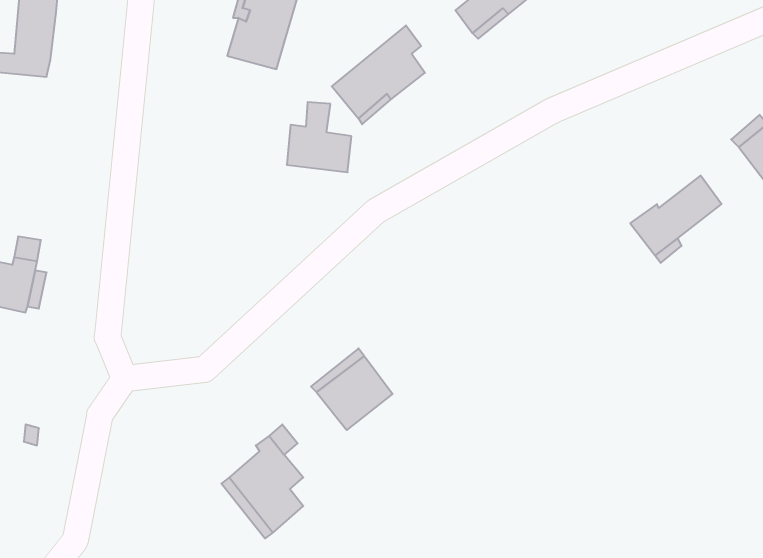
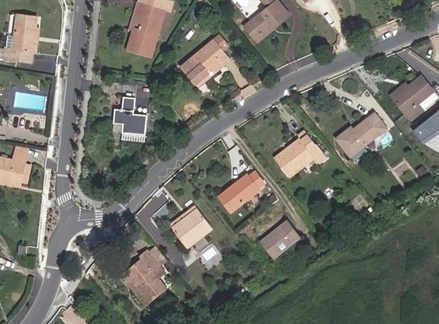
building: [287,102,351,172] -> [112,97,146,134]
building: none -> [274,130,327,176]
building: none -> [218,171,263,212]
building: none -> [260,220,300,258]

